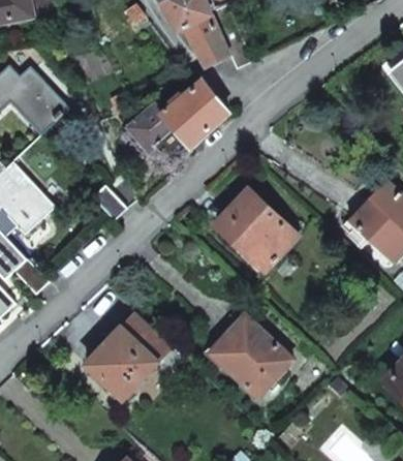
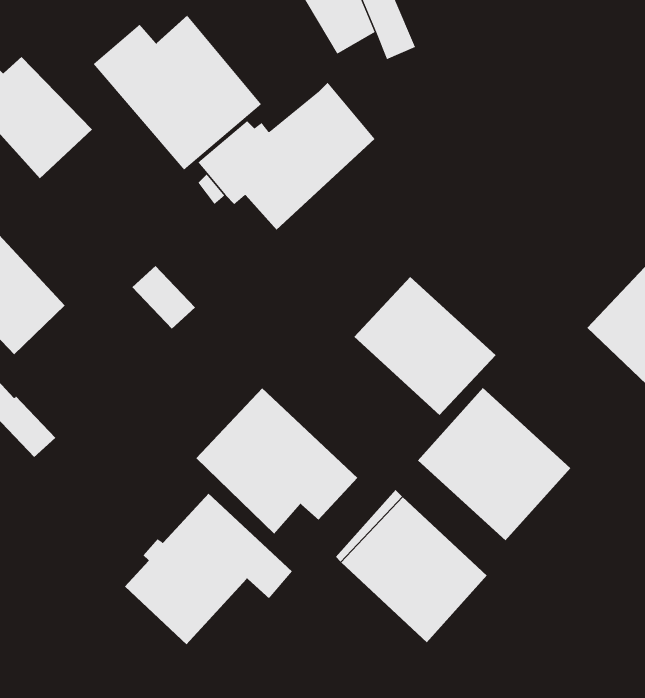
building: none -> [93,15,262,171]
building: none -> [417,387,571,541]
building: none -> [195,388,358,534]

